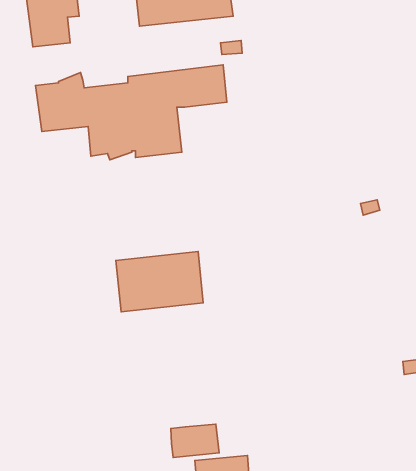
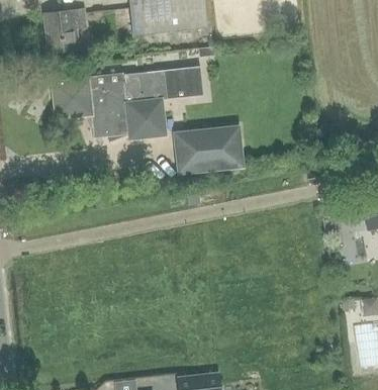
building: [116,252,203,312] -> [175,125,244,173]
building: [171,424,219,457] -> none

